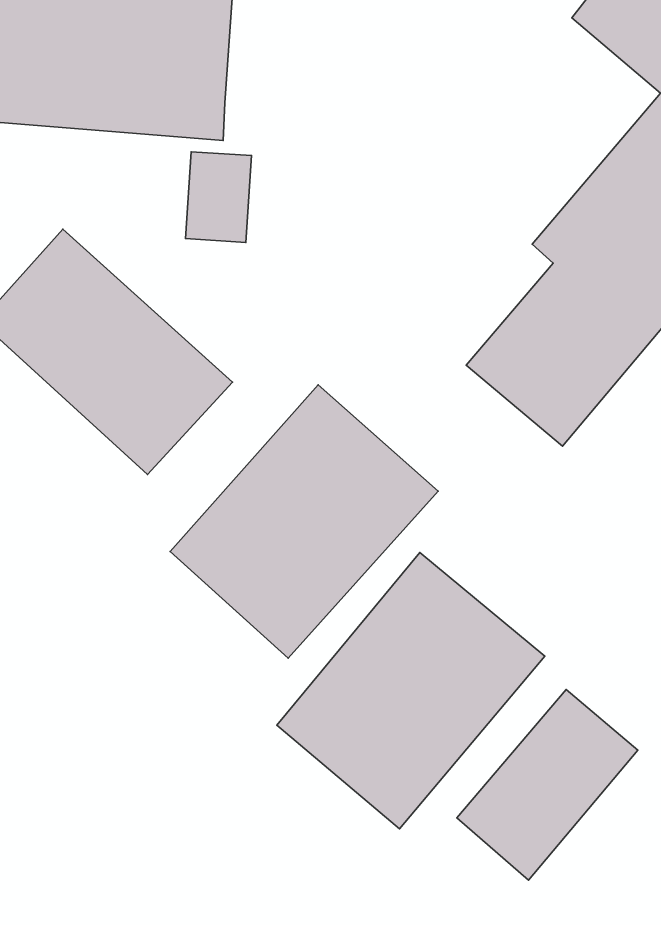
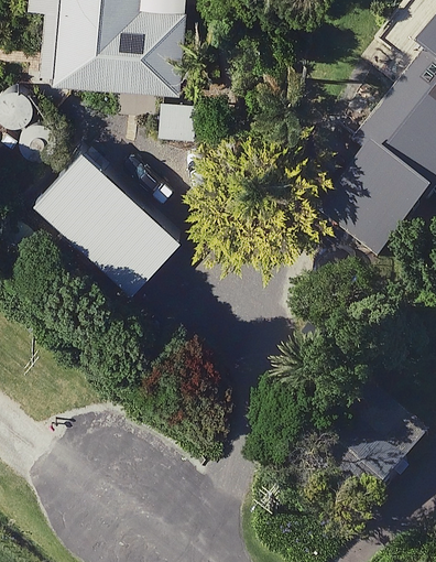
building: [170,385,438,658] -> none
building: [277,553,545,829] -> none

